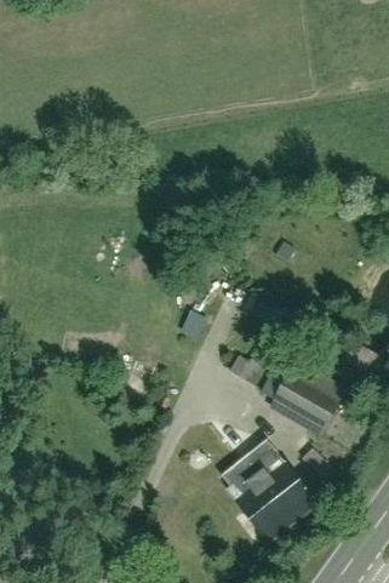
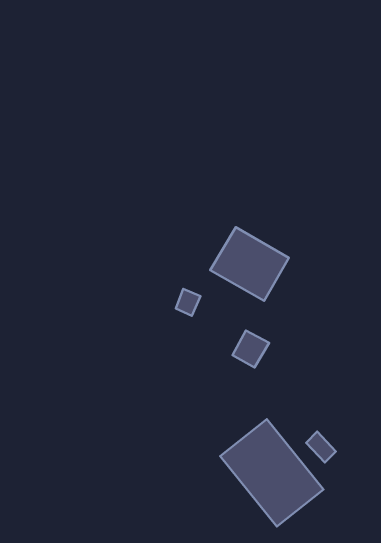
building: [264,359,342,431] -> [210,227,289,301]

